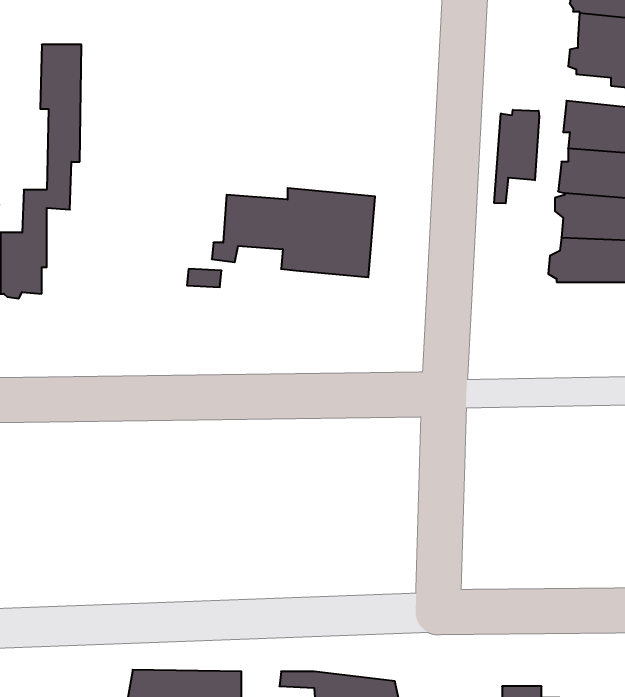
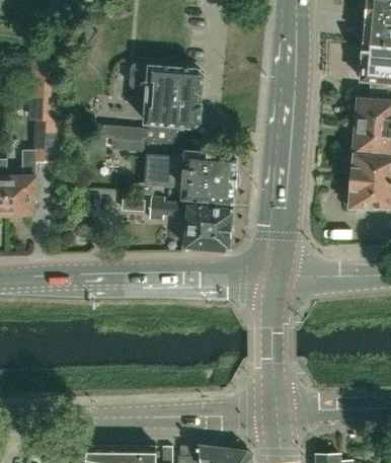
building: none -> [100,64,203,144]
building: [494,110,539,203] -> none
building: none -> [148,198,232,251]

